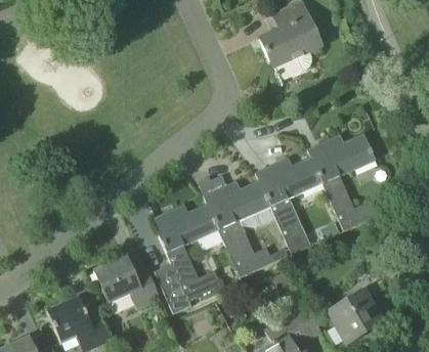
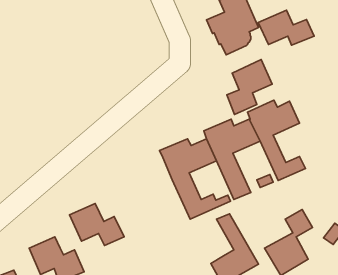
building: none -> [258,10,314,45]
building: none -> [227,60,272,115]
building: [152,203,221,312] -> none

